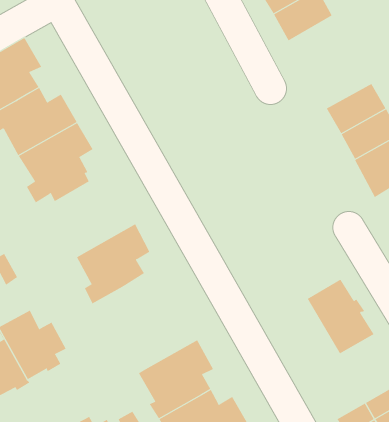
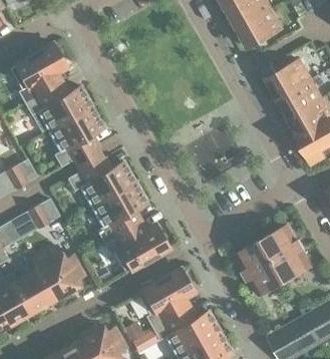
building: none -> [267,58,311,97]
building: none -> [67,151,135,208]
building: none -> [103,220,170,273]
building: none -> [237,239,287,295]

